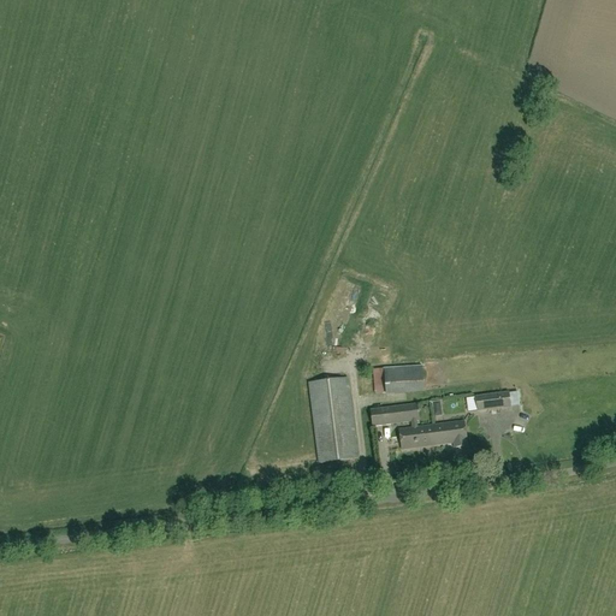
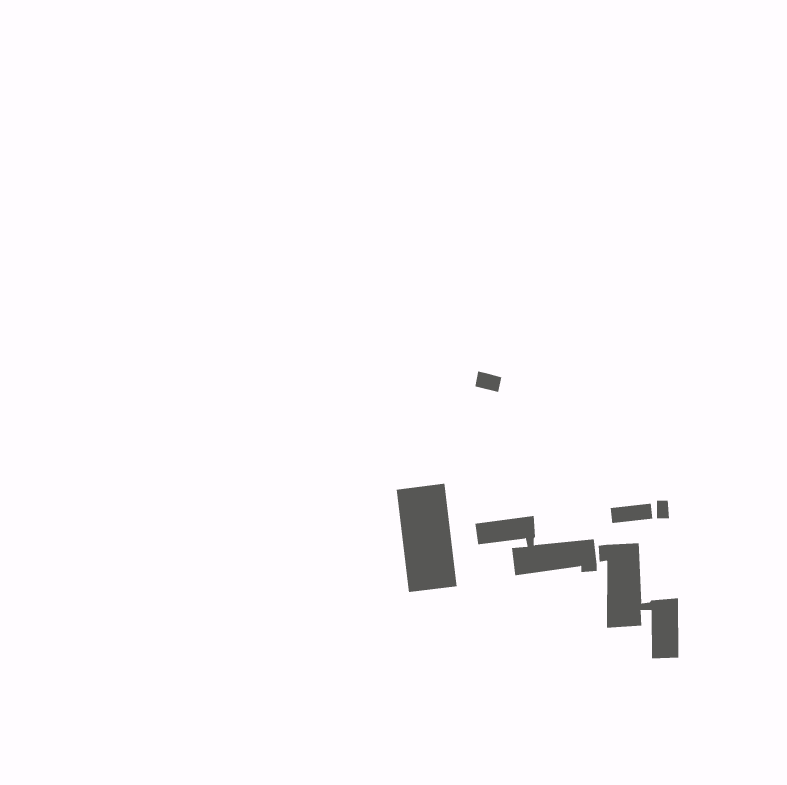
building: [384,366,426,395] -> none
building: none -> [598,542,679,659]

